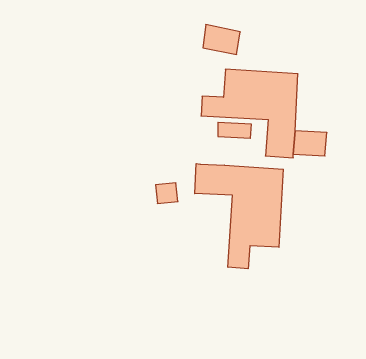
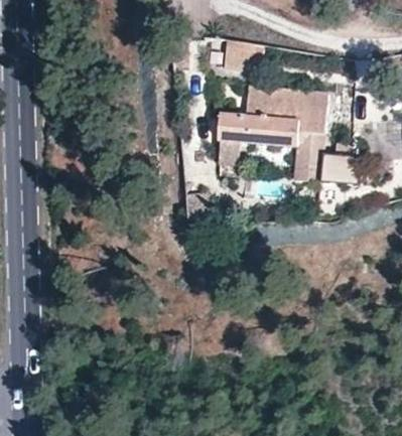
building: [195,164,283,269] -> none

